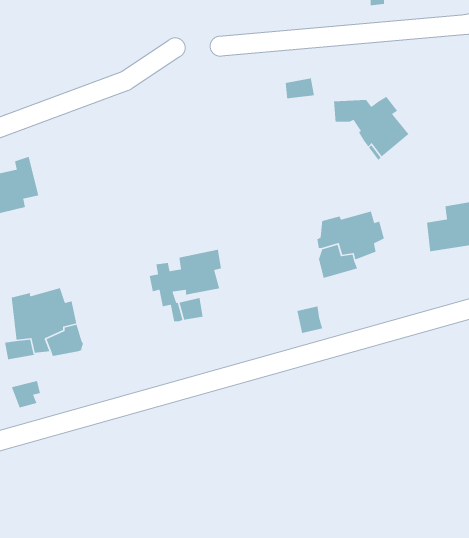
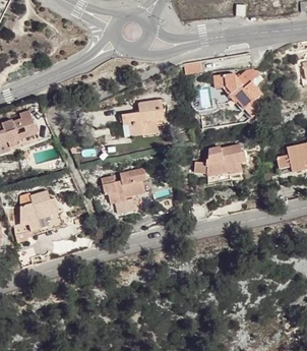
building: none -> [117,100,161,136]

